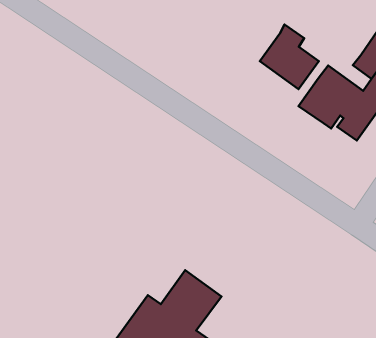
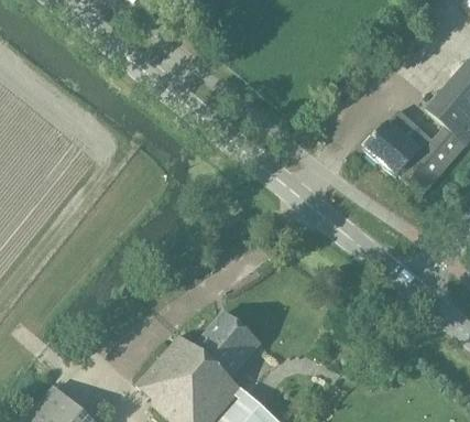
building: [260,25,319,89] -> none

